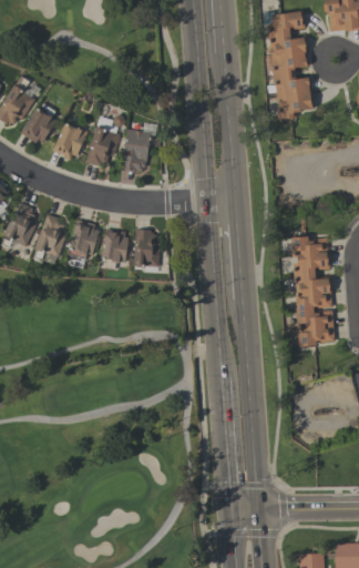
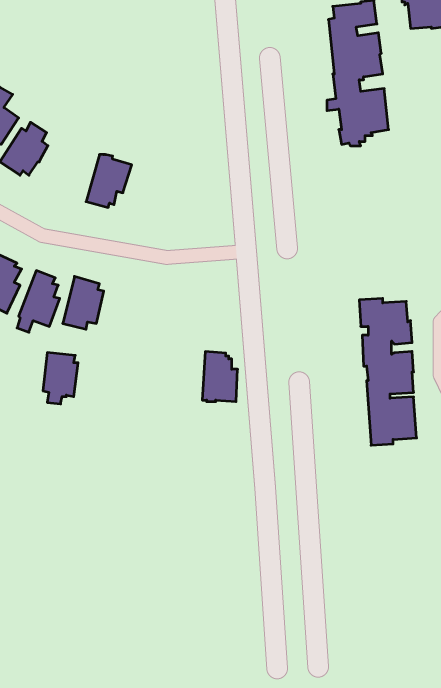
building: [53,124,88,161] -> none
building: [122,130,151,173] -> none
building: [102,230,129,268] -> [43,353,78,404]
building: [134,230,161,267] -> [202,352,238,402]

